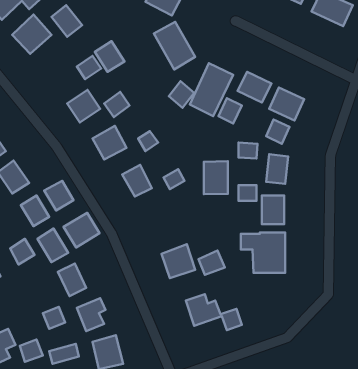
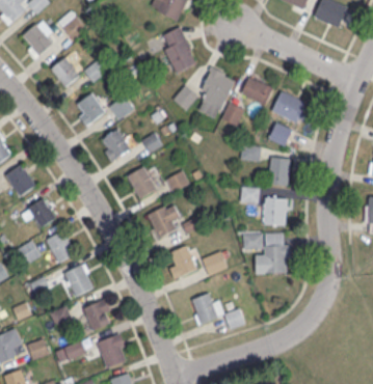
building: [95,41,124,72] -> [51,57,80,87]
building: [204,161,228,194] -> none
building: [44,181,74,211] -> none
building: none -> [148,202,179,238]
building: [64,213,100,247] -> none

